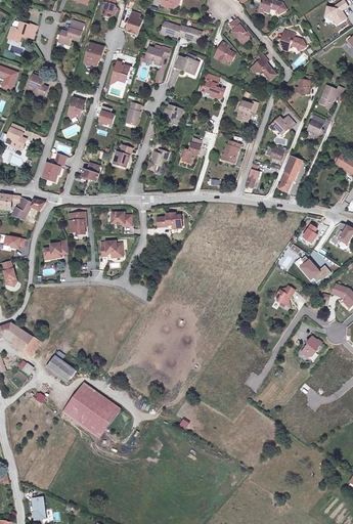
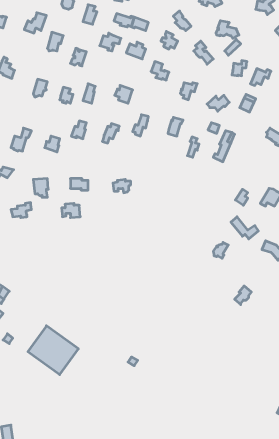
building: [46,355,76,383] -> none

